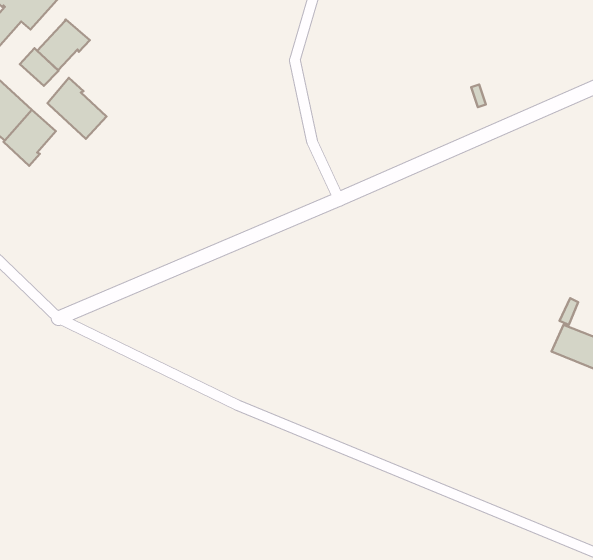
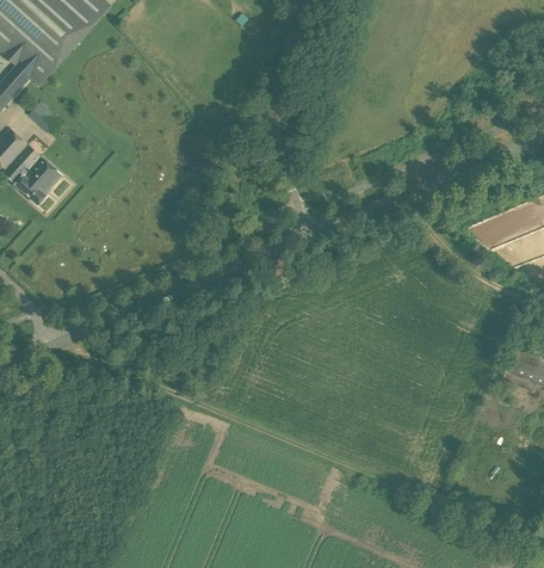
building: [37,20,90,70] -> none
building: [47,78,106,139] -> none

